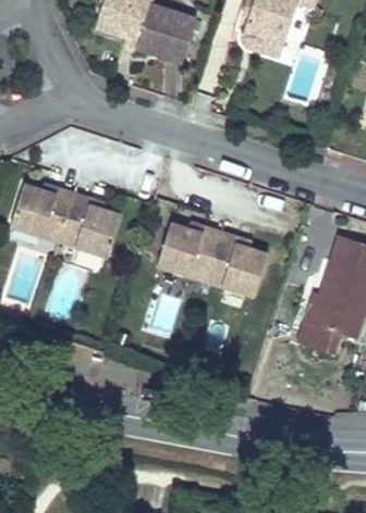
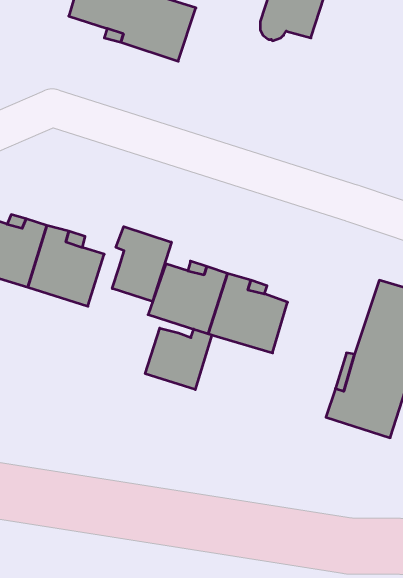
building: none -> [112,227,171,301]
building: none -> [145,328,212,390]

